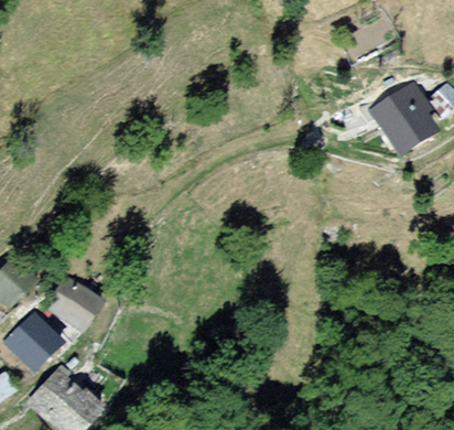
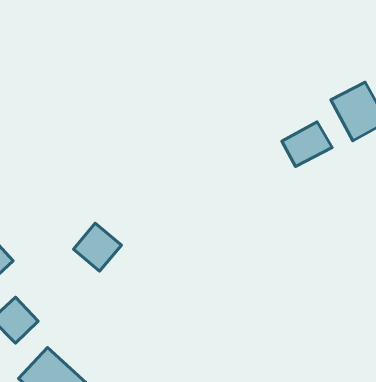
building: none -> [282,122,332,167]
building: [48,280,99,331] -> [73,223,121,271]

